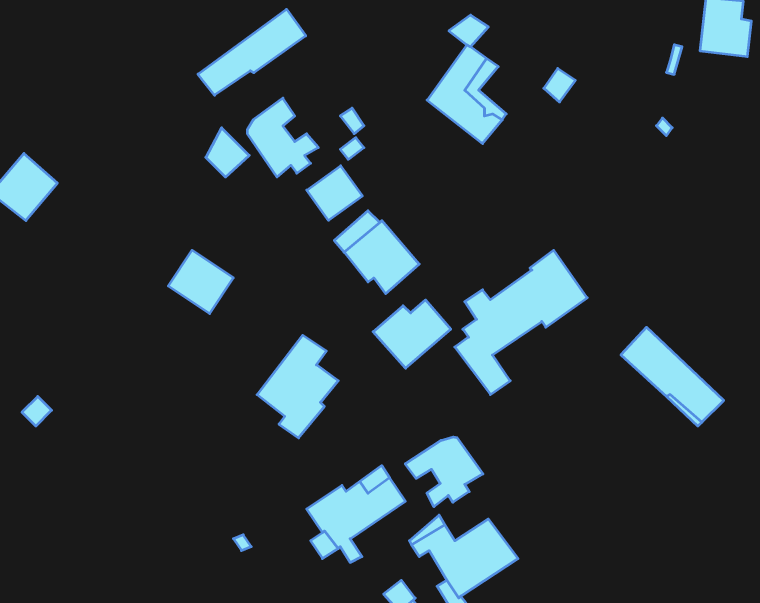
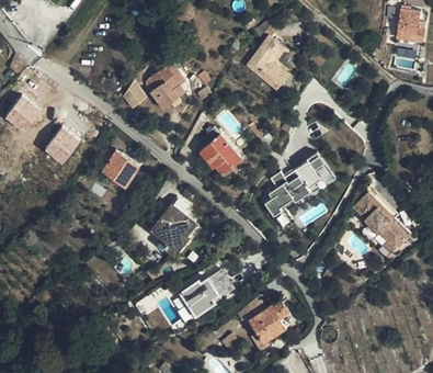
building: [198,9,306,95] -> none
building: [307,166,362,220] -> none
building: none -> [42,127,80,166]
building: [373,300,451,368] -> none
building: [405,437,483,507] -> none

